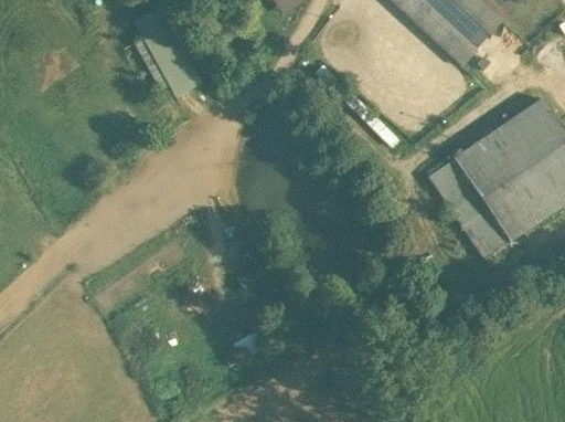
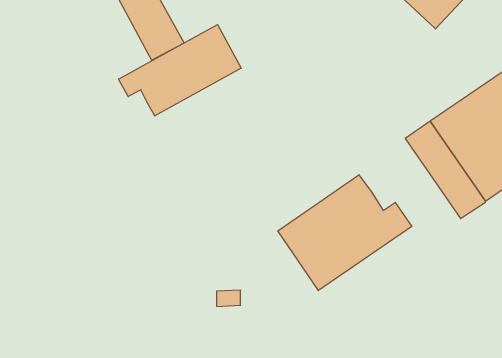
building: none -> [119,25,241,116]
building: none -> [278,175,412,291]

